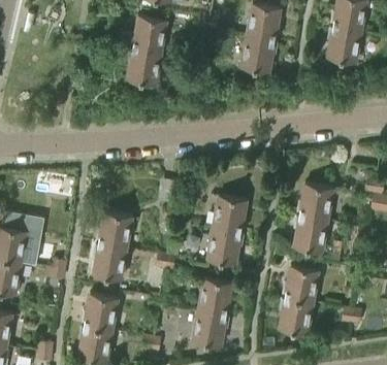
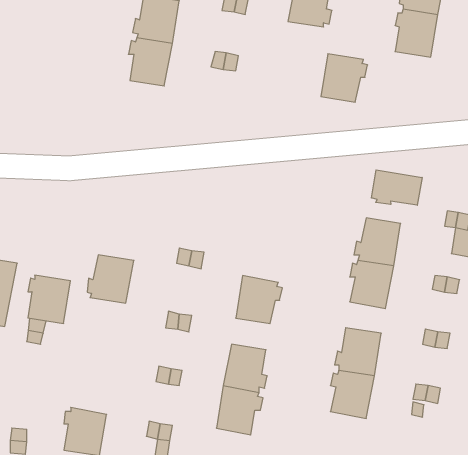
building: [241,37,277,73] -> [321,54,368,102]
building: none -> [371,170,422,205]
building: [213,197,246,233] -> none
building: [93,244,125,280] -> [28,275,70,323]
building: [80,295,117,332] -> none

